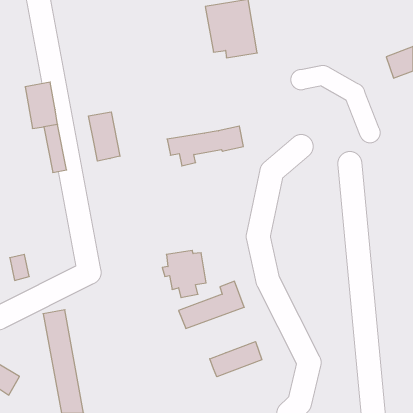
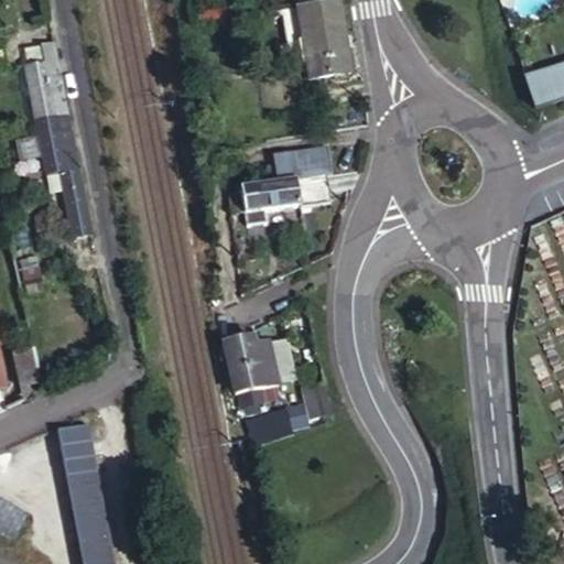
building: none -> [25,39,68,118]
building: none -> [273,144,332,181]
building: [89,112,120,161] -> none
building: [210,342,262,377] -> none

